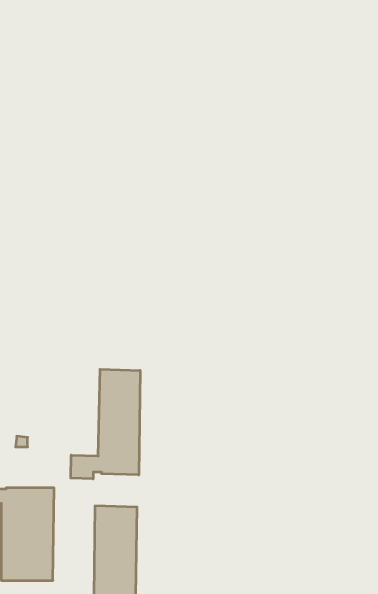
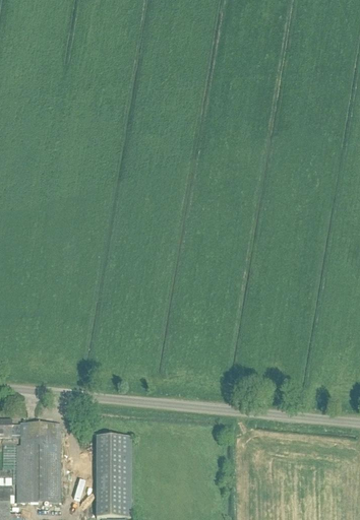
building: [71,369,140,479] -> none

